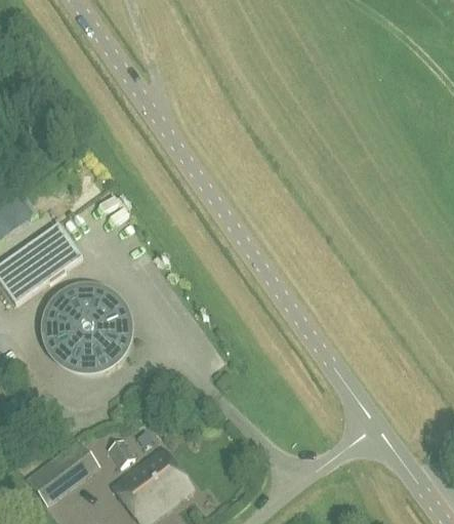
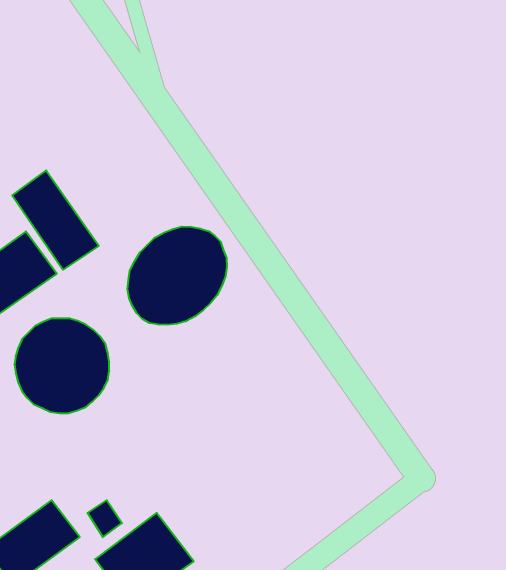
building: none -> [12,170,99,270]
building: none -> [127,227,227,325]

